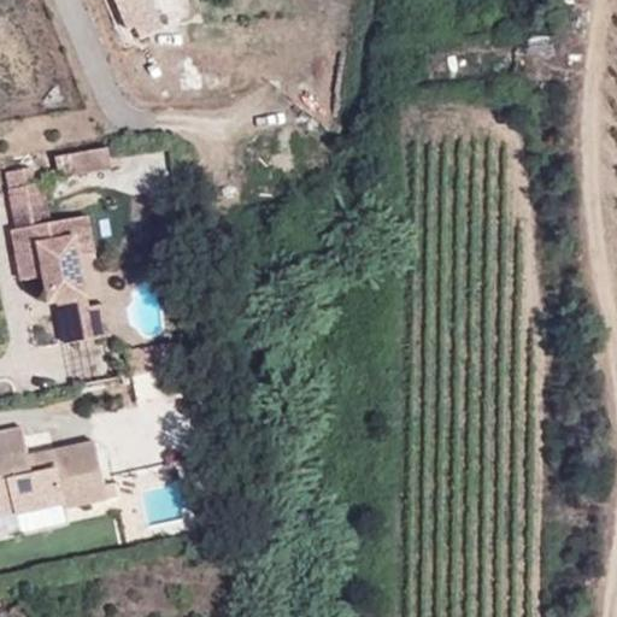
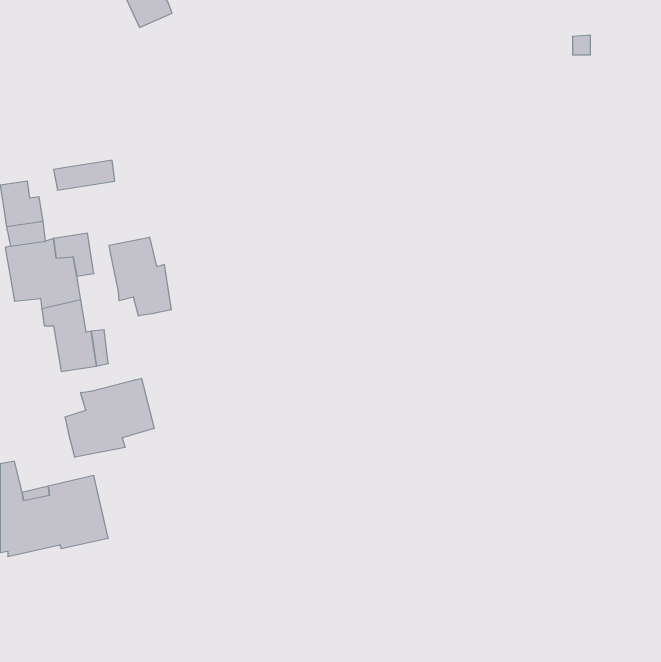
building: none -> [109,237,171,316]
building: none -> [65,378,154,457]

